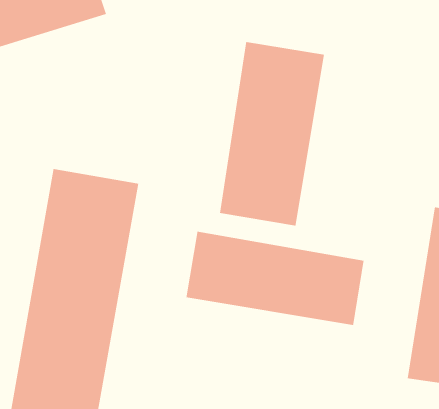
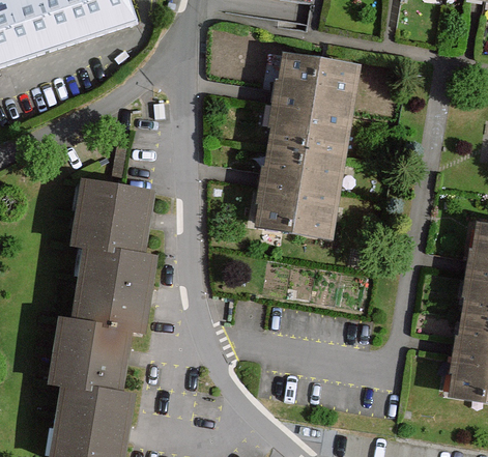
building: [186,231,364,326] -> none

